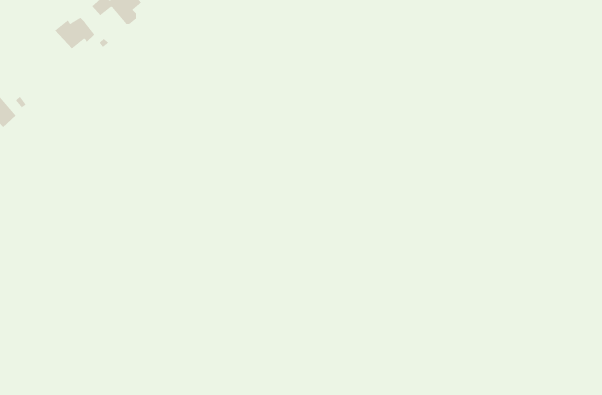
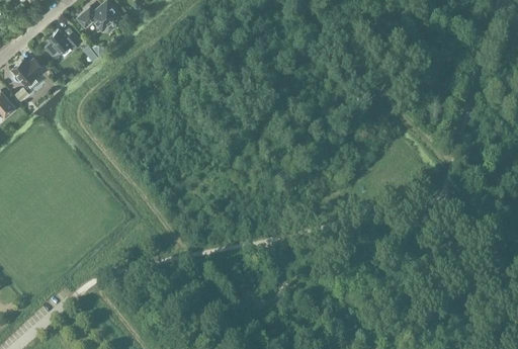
building: none -> [12,57,42,84]

